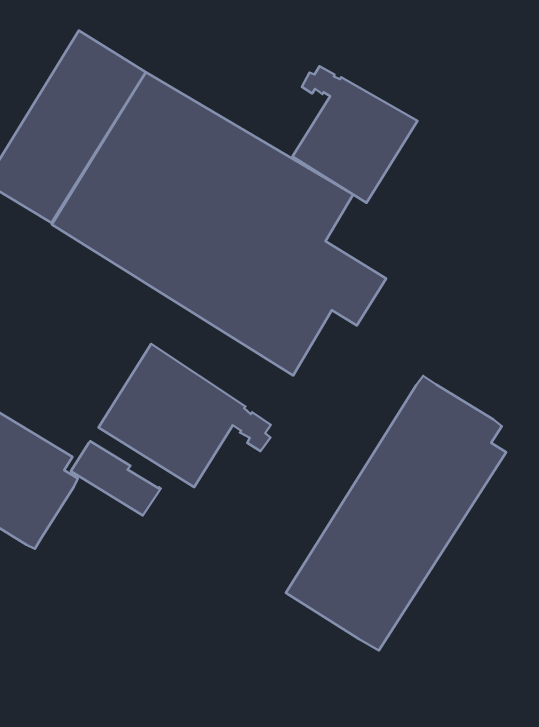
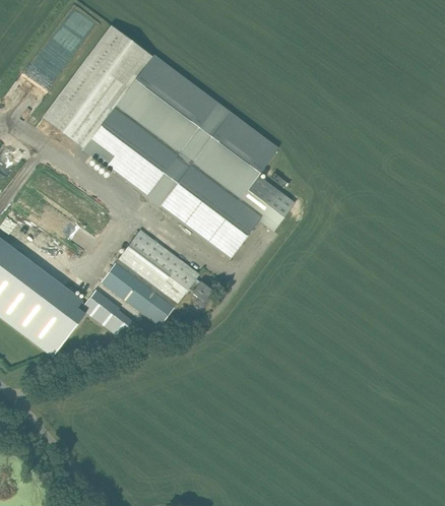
building: [293,66,417,203] -> none
building: [286,376,506,651] -> none

